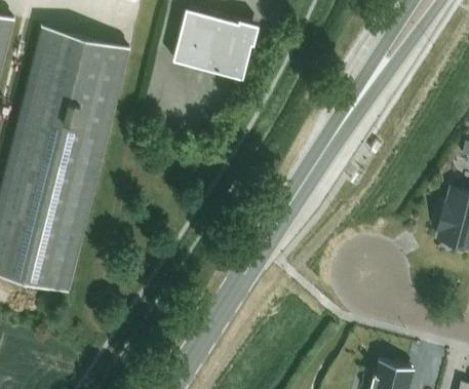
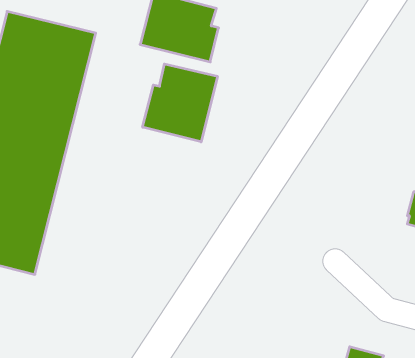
building: none -> [143,64,217,142]

